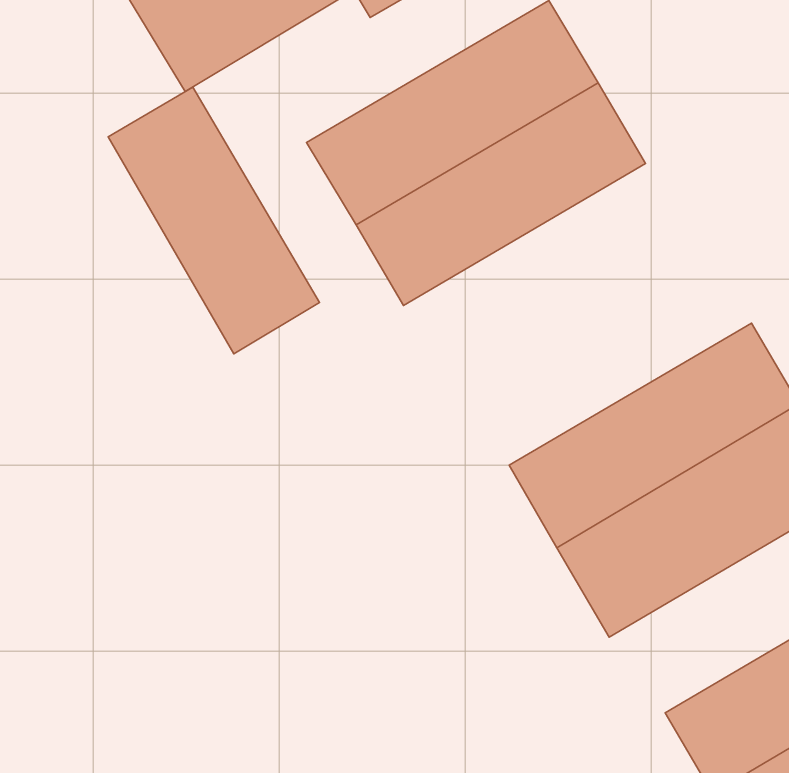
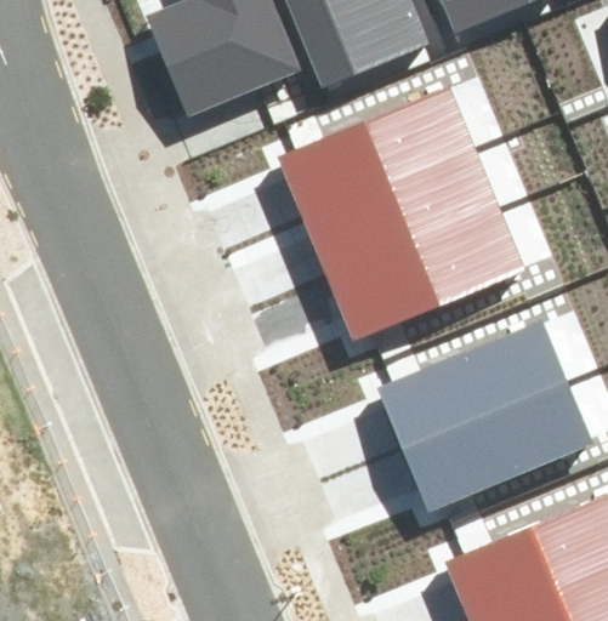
building: [108,87,319,354] -> none
building: none -> [322,205,519,338]

